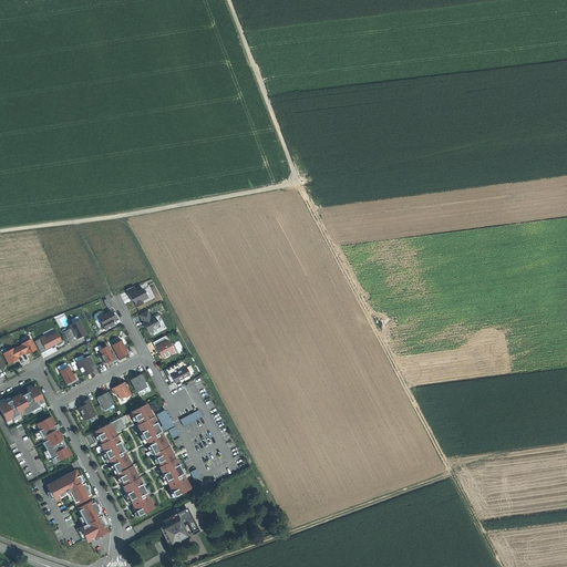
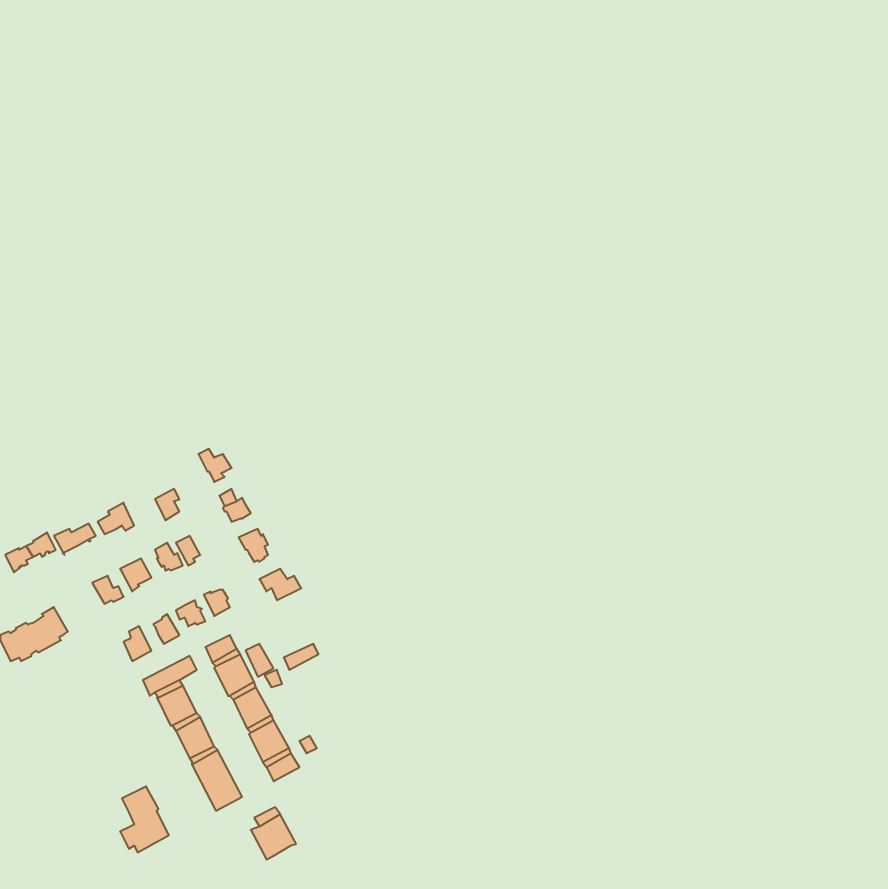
building: [37,416,72,462] -> none
building: [49,470,92,505] -> none

